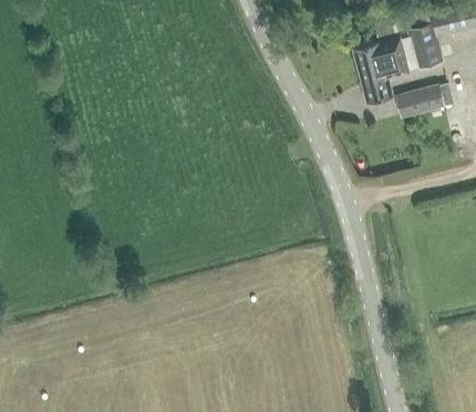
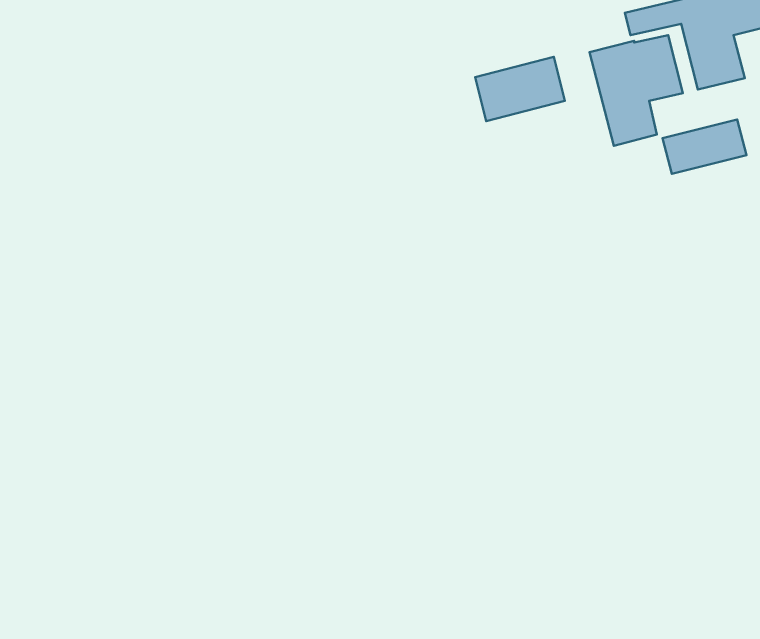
building: none -> [475,57,565,121]

